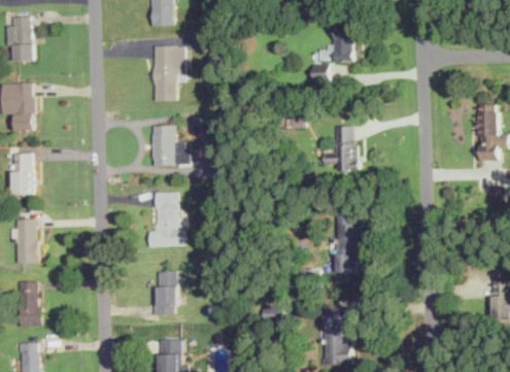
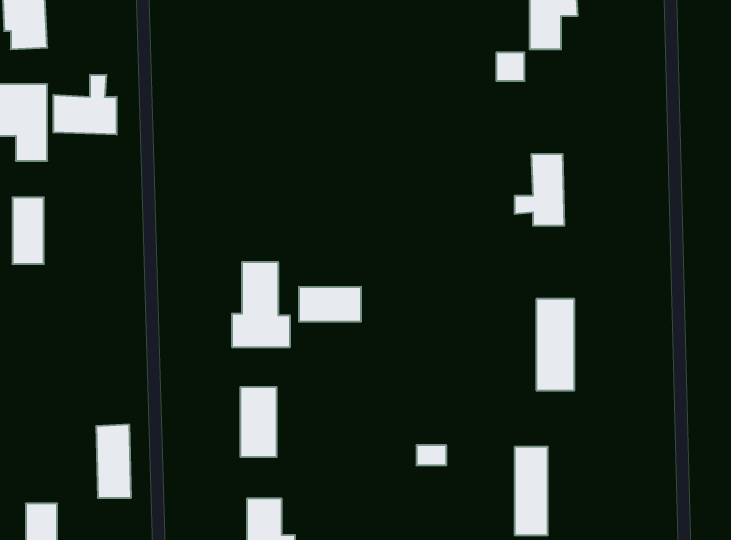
building: [152,47,182,102] -> none
building: none -> [54,75,117,135]
building: [151,127,191,167] -> none
building: none -> [299,287,361,322]
building: [16,219,36,263] -> none
building: [19,281,40,327] -> [96,425,131,498]

